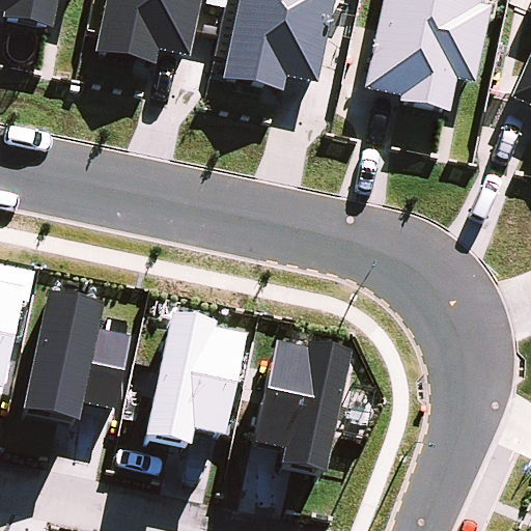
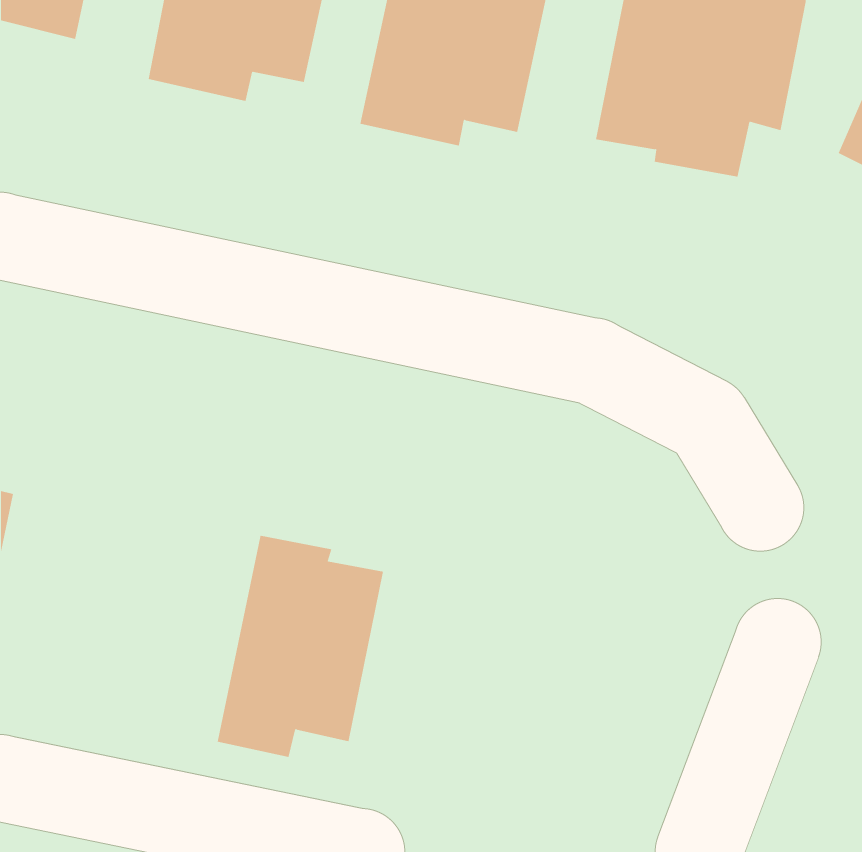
building: [19,303,133,431] -> none
building: [251,351,345,481] -> none

